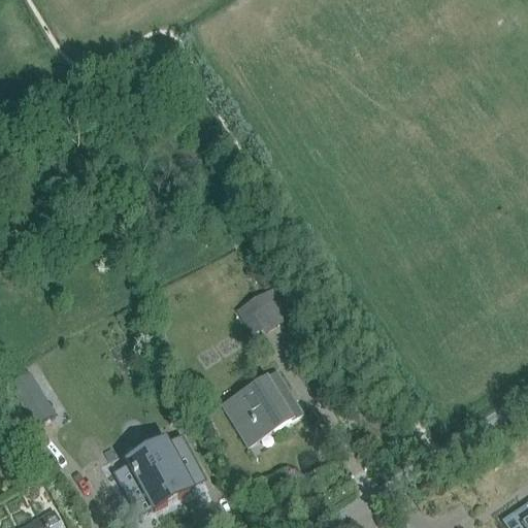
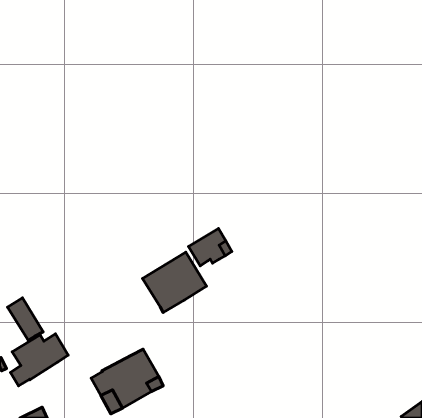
building: [221,369,300,444] -> [143,252,206,313]
building: none -> [10,334,68,386]

